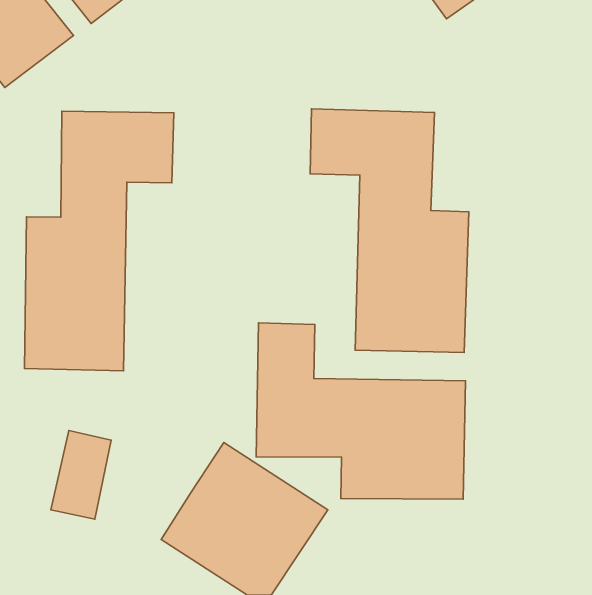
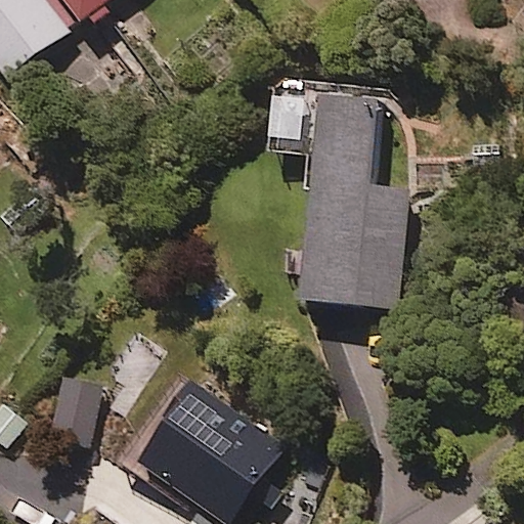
building: [25,111,174,371] -> none
building: [256,323,466,499] -> none

